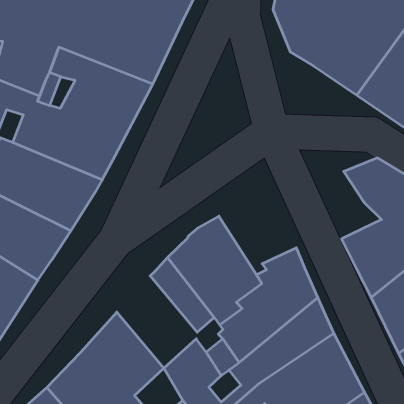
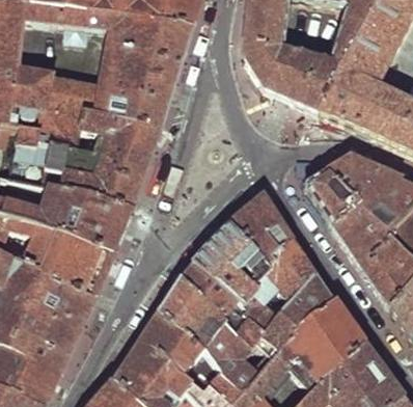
building: none -> [302,170,357,223]
building: none -> [229,191,294,262]
building: none -> [161,275,228,346]

